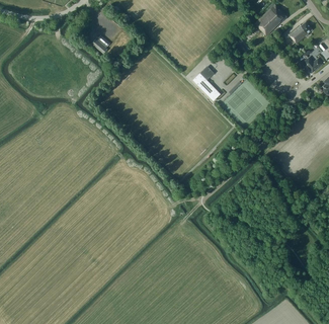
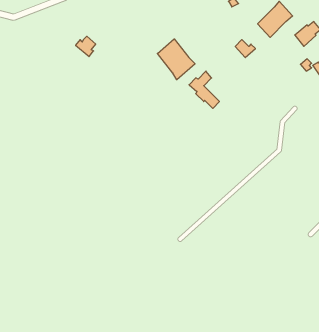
building: none -> [157,39,195,80]

